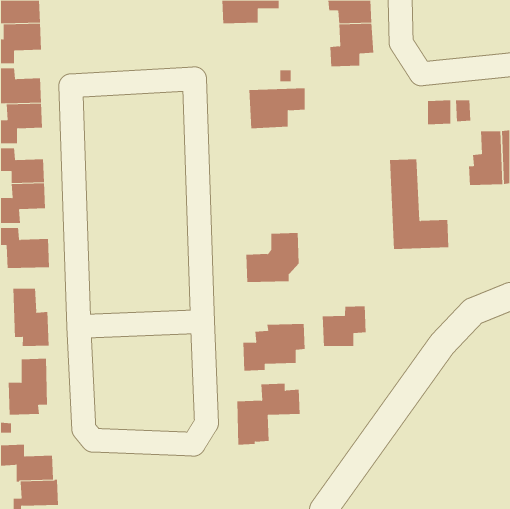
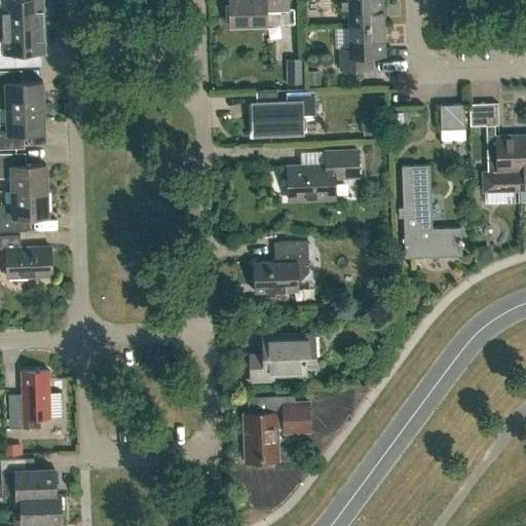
building: none -> [279,150,359,200]
building: [13,288,49,347] -> none
building: [322,306,366,347] -> none

